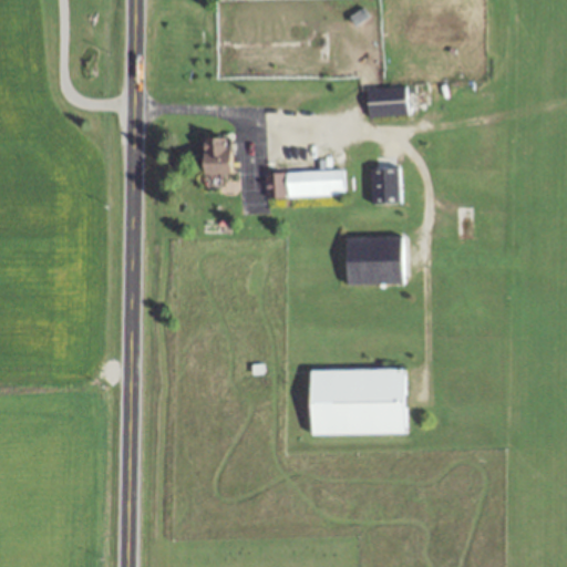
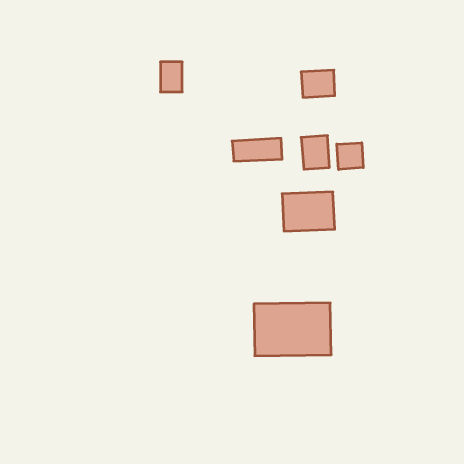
building: [204,137,230,174] -> [160,62,182,92]
building: none -> [337,143,363,170]

